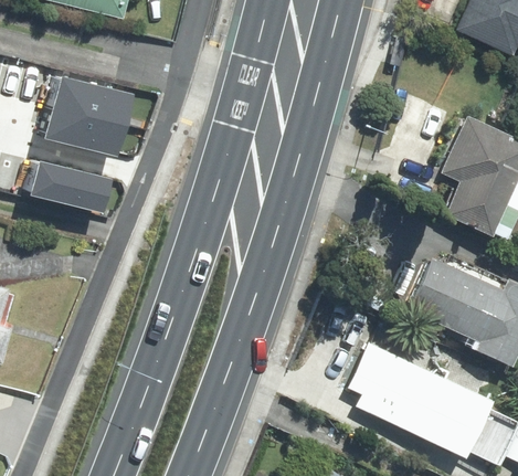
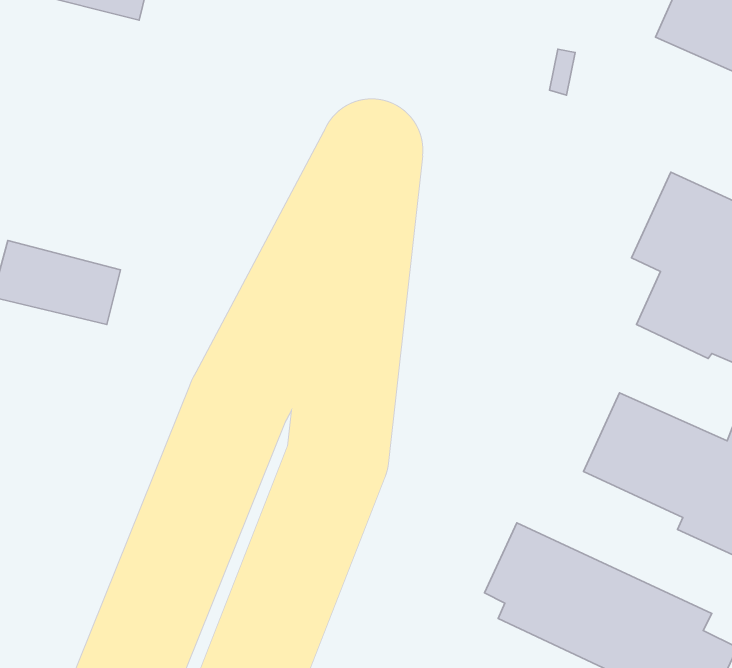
building: [46,77,137,157] -> none

